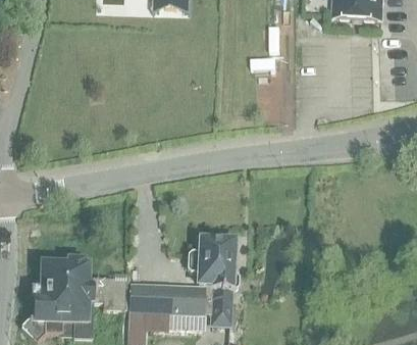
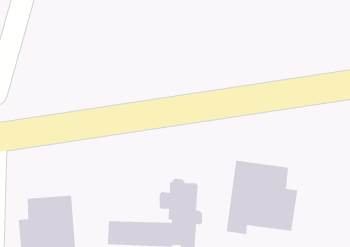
building: none -> [226,160,298,235]

